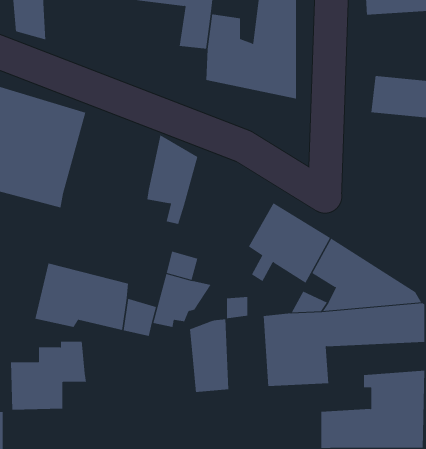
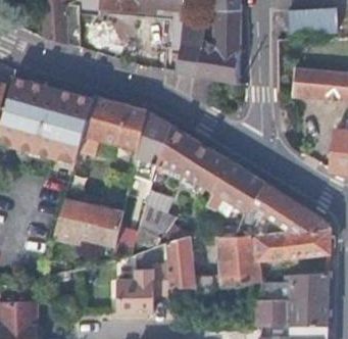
building: none -> [80,96,146,157]
building: none -> [163,127,225,198]
building: [10,341,87,410] -> [118,268,171,316]

